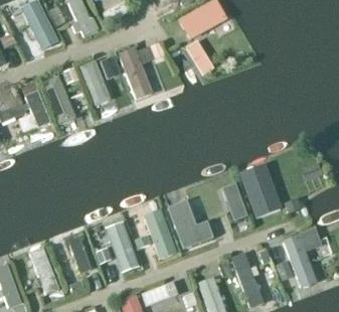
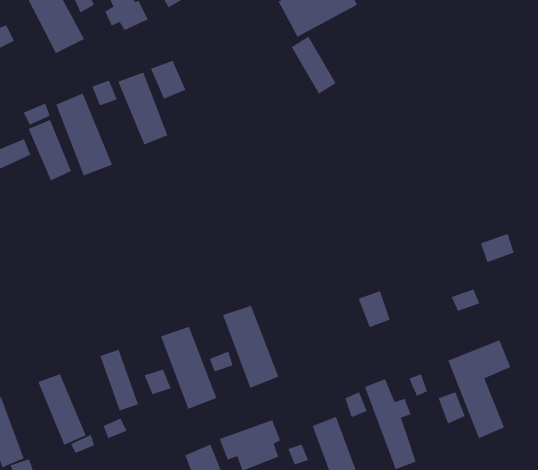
building: [117,44,165,101] -> none
building: [238,162,282,217] -> none
building: [167,198,212,248] -> none

